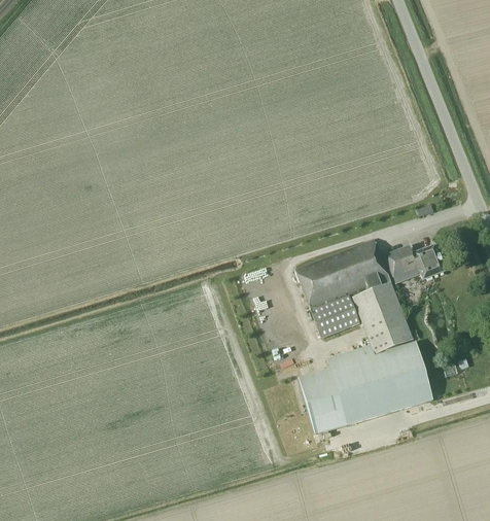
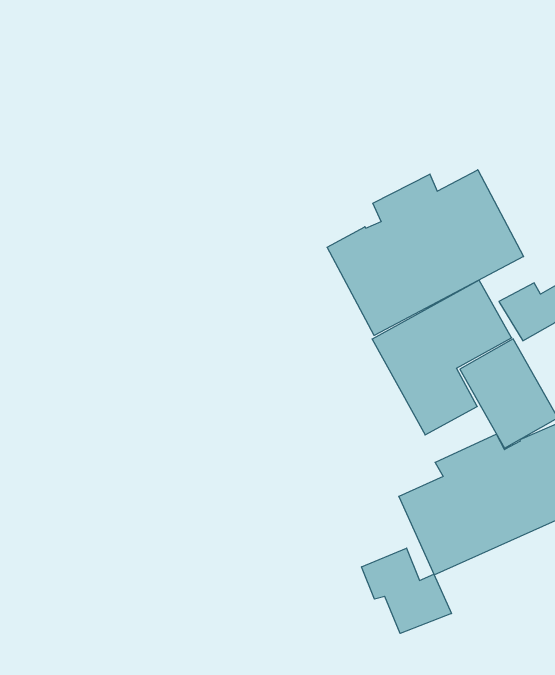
building: none -> [327,170,524,335]
building: none -> [362,548,451,633]

